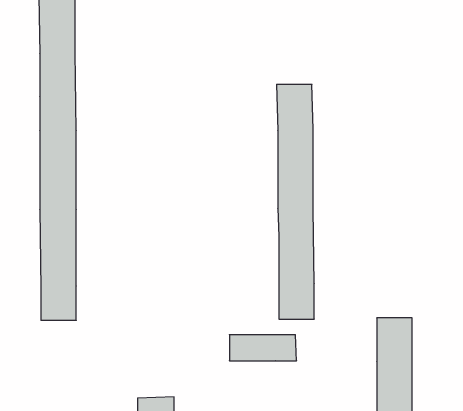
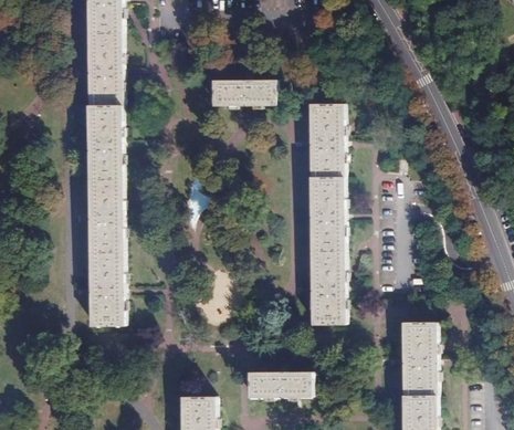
building: none -> [216,81,277,106]
building: [229,335,297,361] -> [249,373,312,397]

